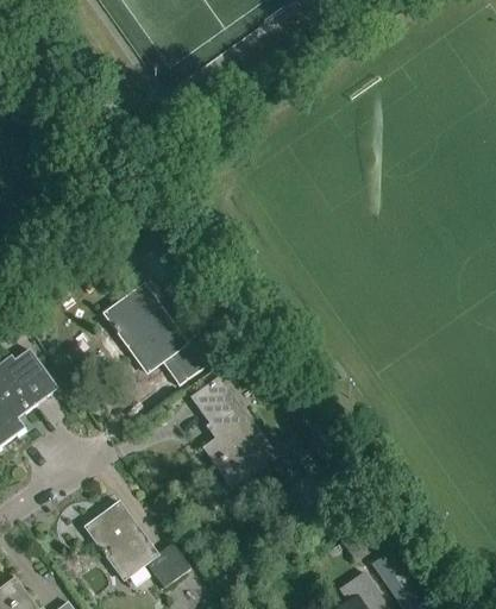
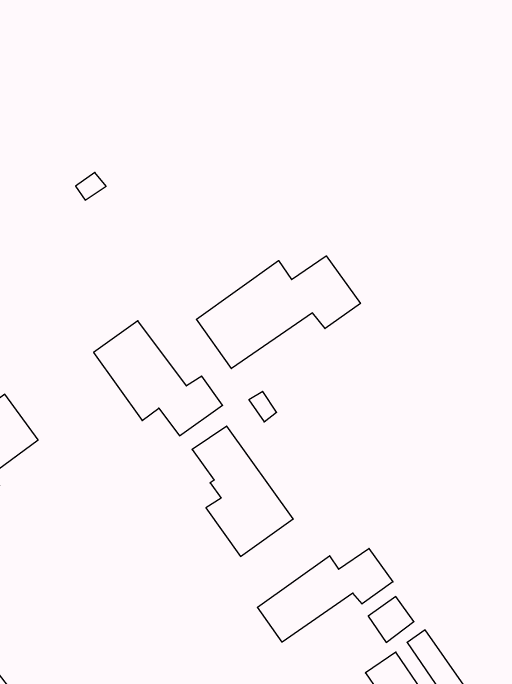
building: none -> [196,256,360,369]
building: none -> [257,548,393,642]
building: [83,500,189,586] -> none

